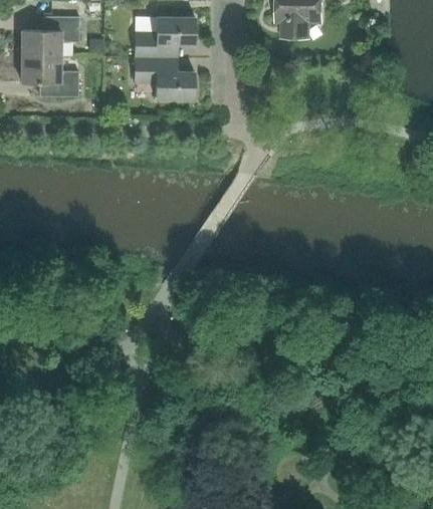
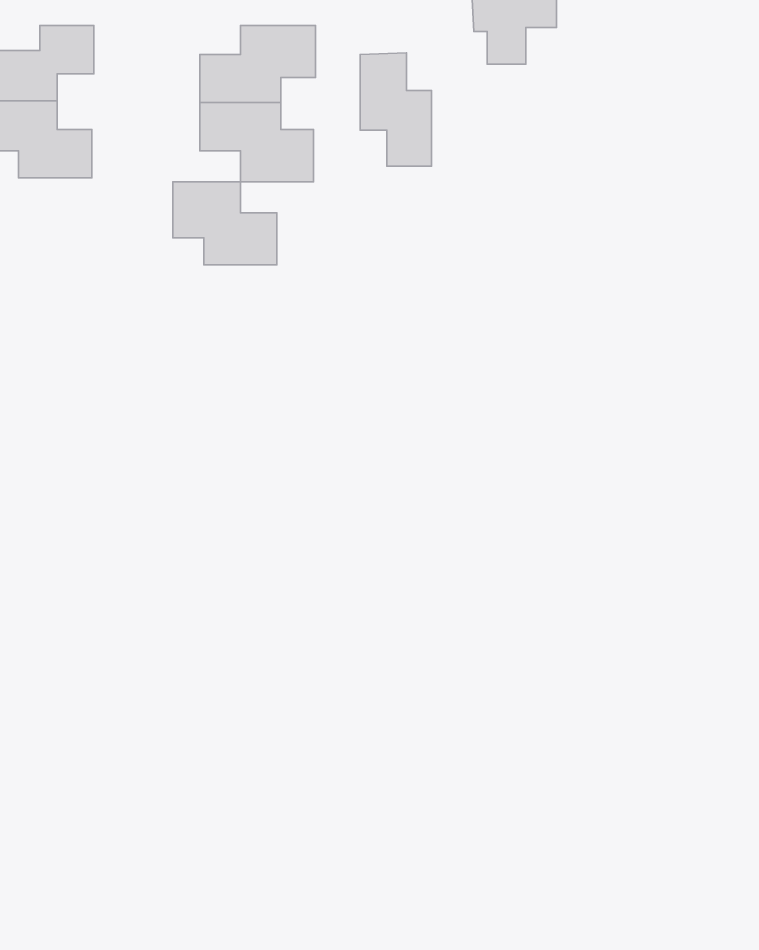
building: none -> [360,53,432,166]
building: none -> [173,182,277,265]

